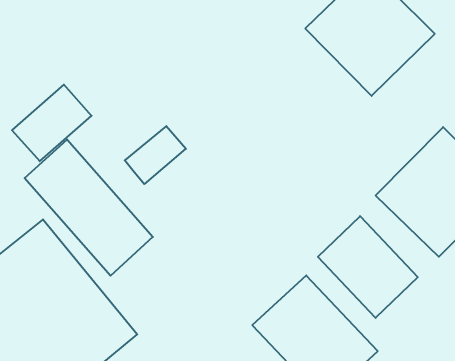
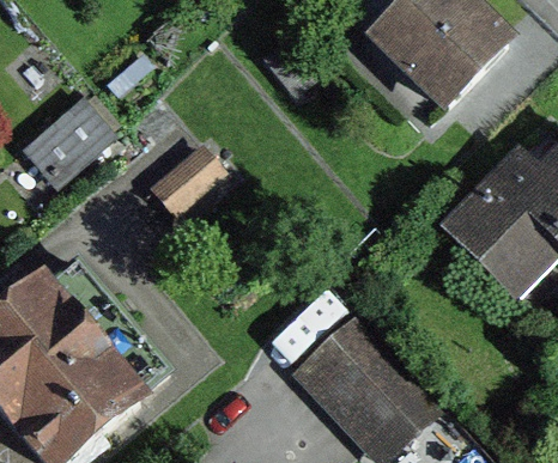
building: [25,139,153,276] -> none
building: [318,216,418,318] -> none

